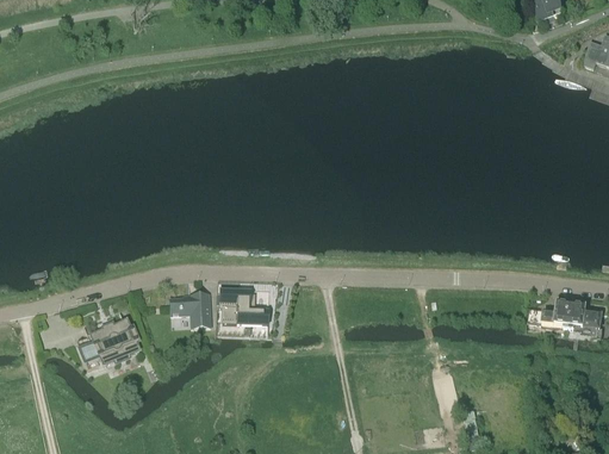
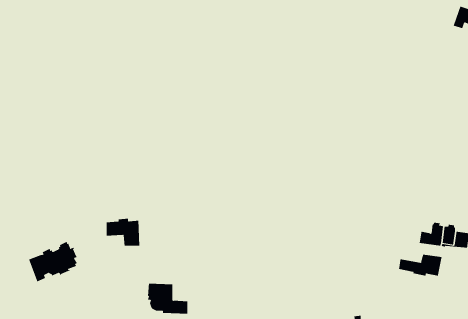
building: [218,288,267,325] -> [147,283,188,314]
building: none -> [399,254,442,277]

